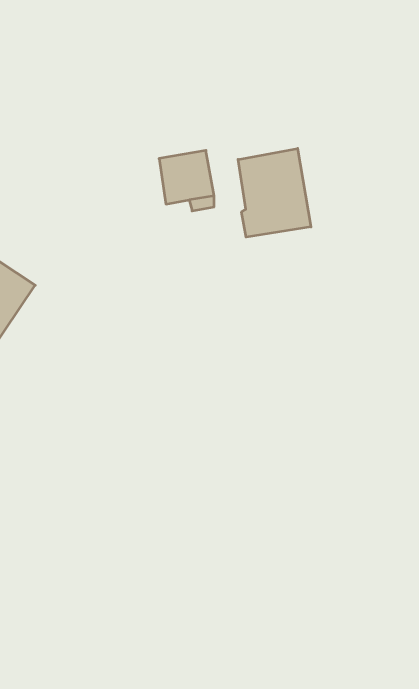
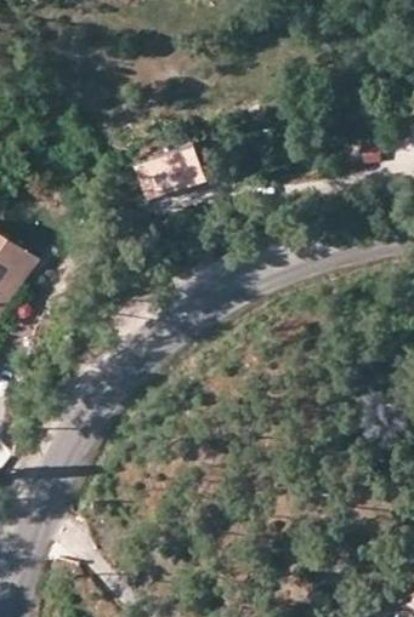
building: [238,148,311,237] -> none

